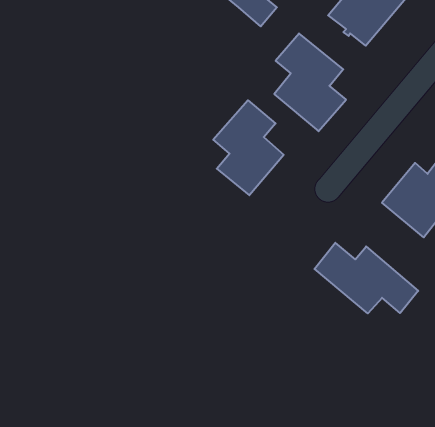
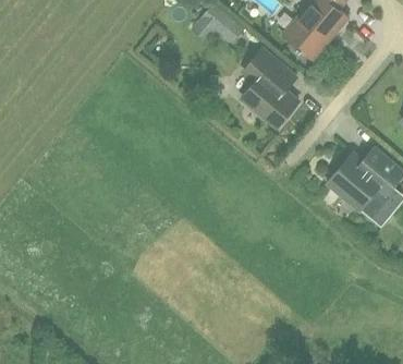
building: [213,100,284,195] -> none
building: [314,243,418,313] -> none

